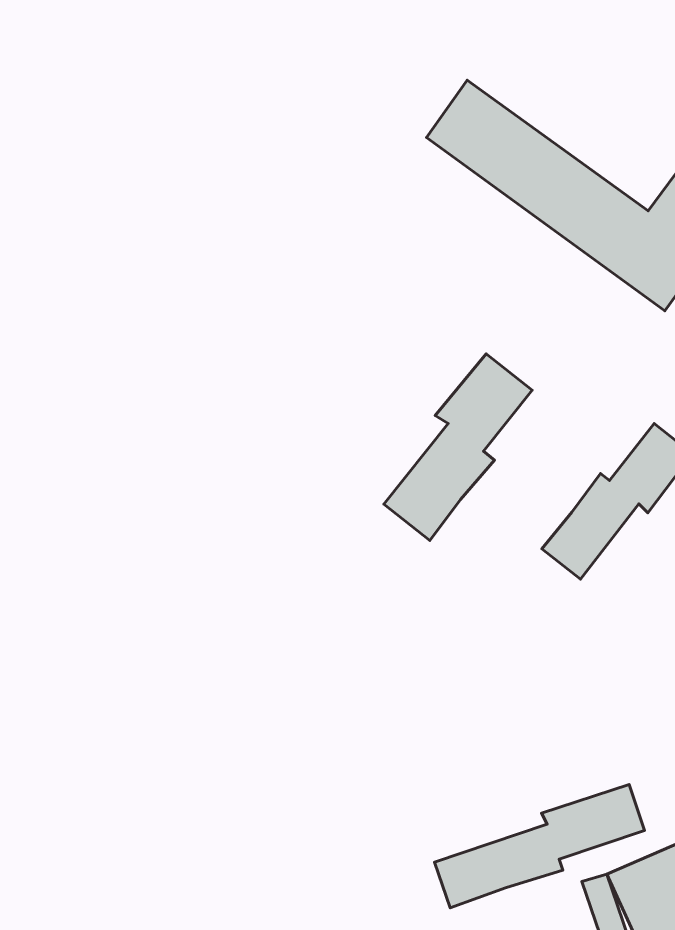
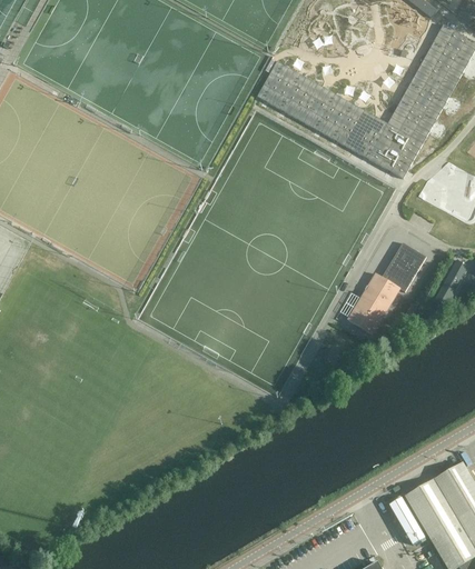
building: [384,354,532,541] -> none
building: [434,785,645,908] -> none

